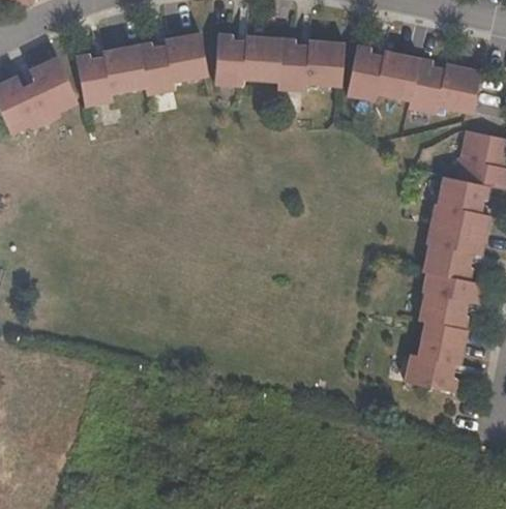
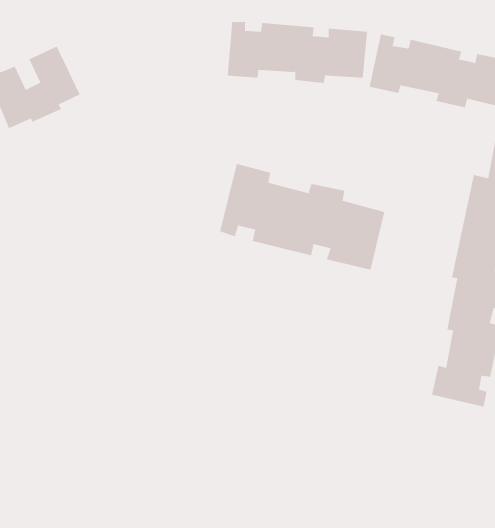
building: [75,32,209,106] -> none
building: none -> [219,163,385,271]

